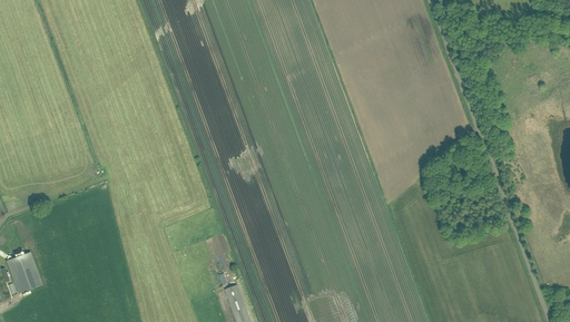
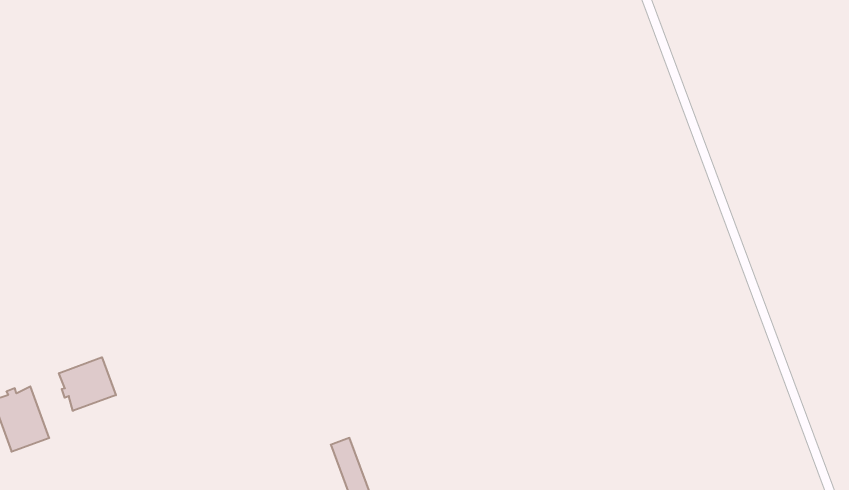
building: none -> [59,357,116,411]

